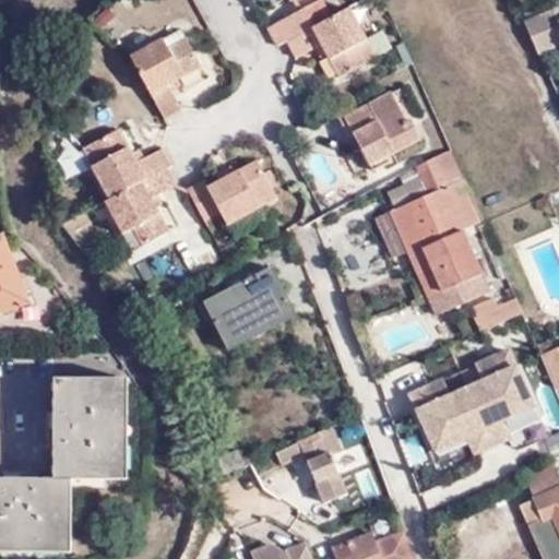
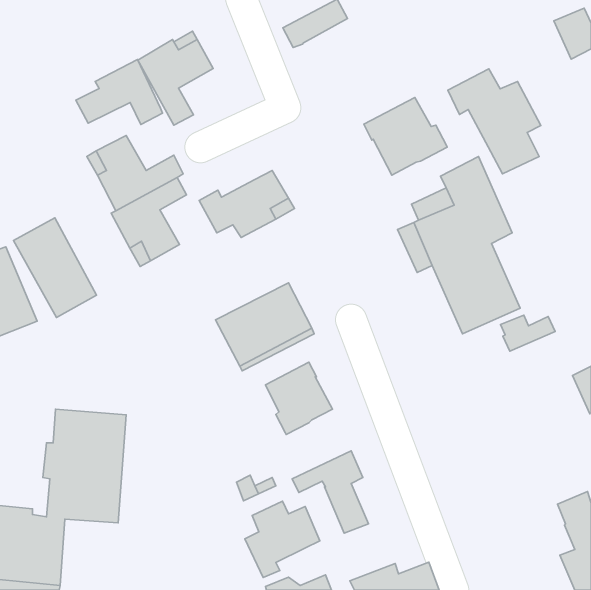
building: [286,7,376,76] -> none
building: none -> [76,60,162,124]
building: none -> [448,69,541,174]
building: none -> [13,218,96,318]
building: none -> [266,362,332,435]
building: [408,349,534,455] -> none
building: none -> [245,501,320,578]

